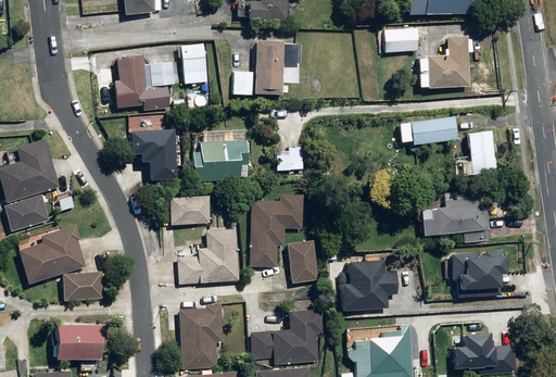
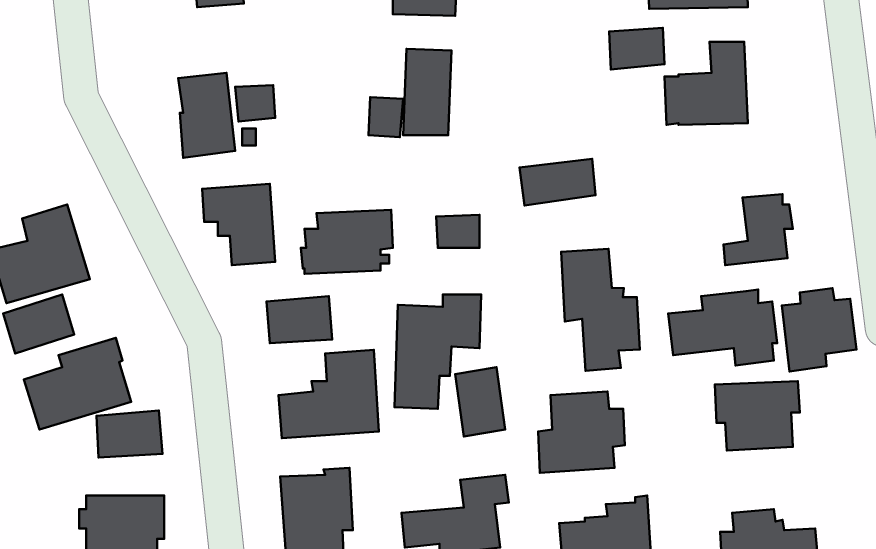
building: [181,43,207,90] -> none
building: [410,116,458,146] -> [519,159,596,206]
building: none -> [561,249,640,371]
building: none -> [782,288,856,371]

